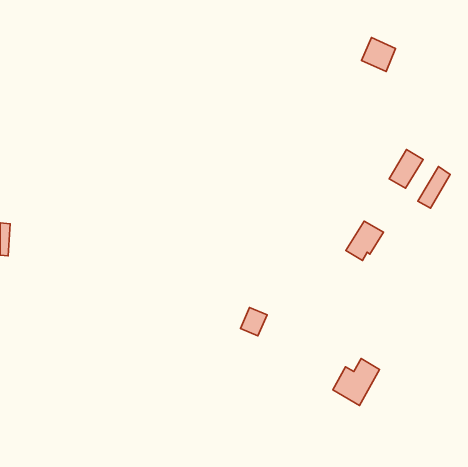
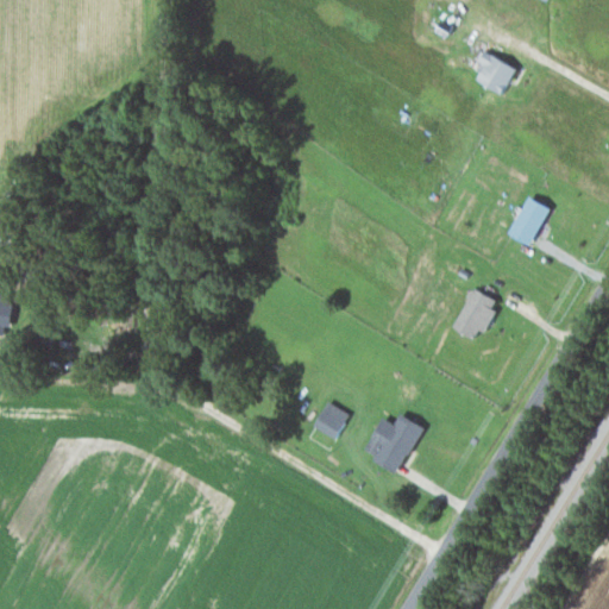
building: [418,167,450,208] -> none
building: [333,359,380,405] -> [362,412,422,472]

